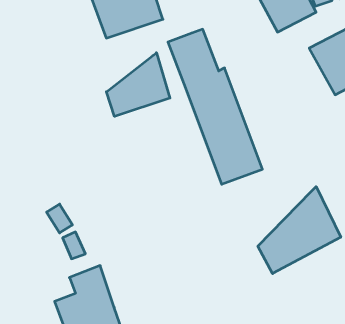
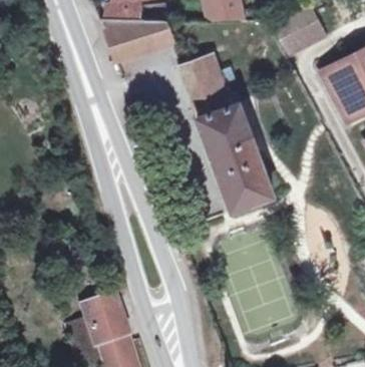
building: [106,53,170,116] -> none
building: [258,187,341,274] -> none

